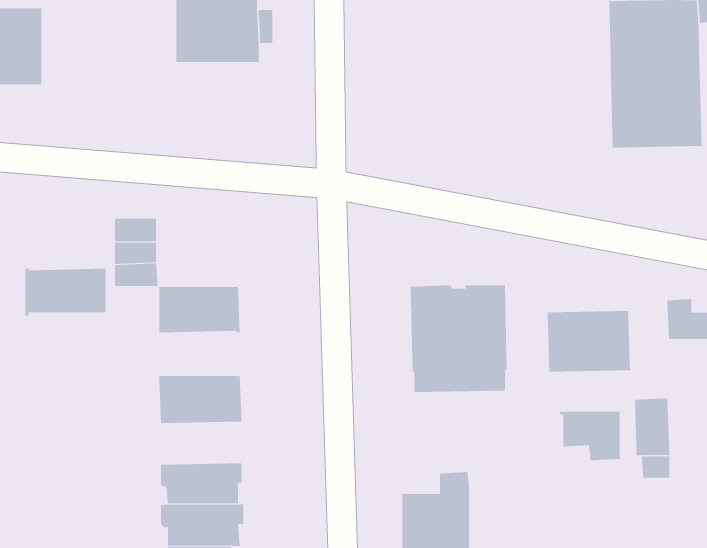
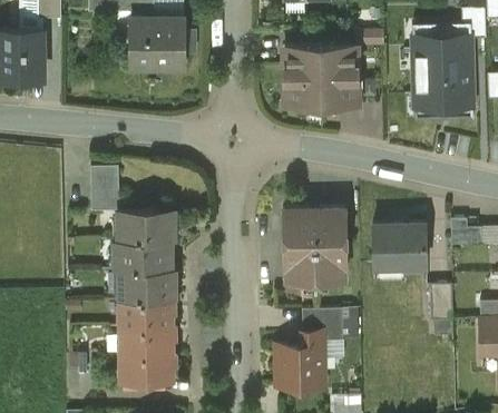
building: none -> [284,47,357,105]
building: [24,268,107,316] -> [116,242,169,273]
building: [559,411,621,461] -> [302,311,342,343]
building: none -> [119,301,174,328]

